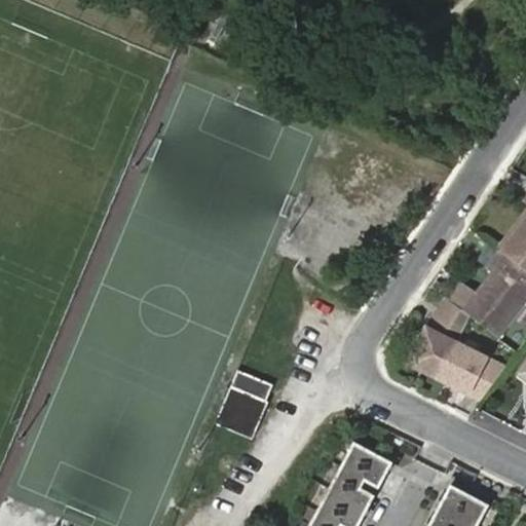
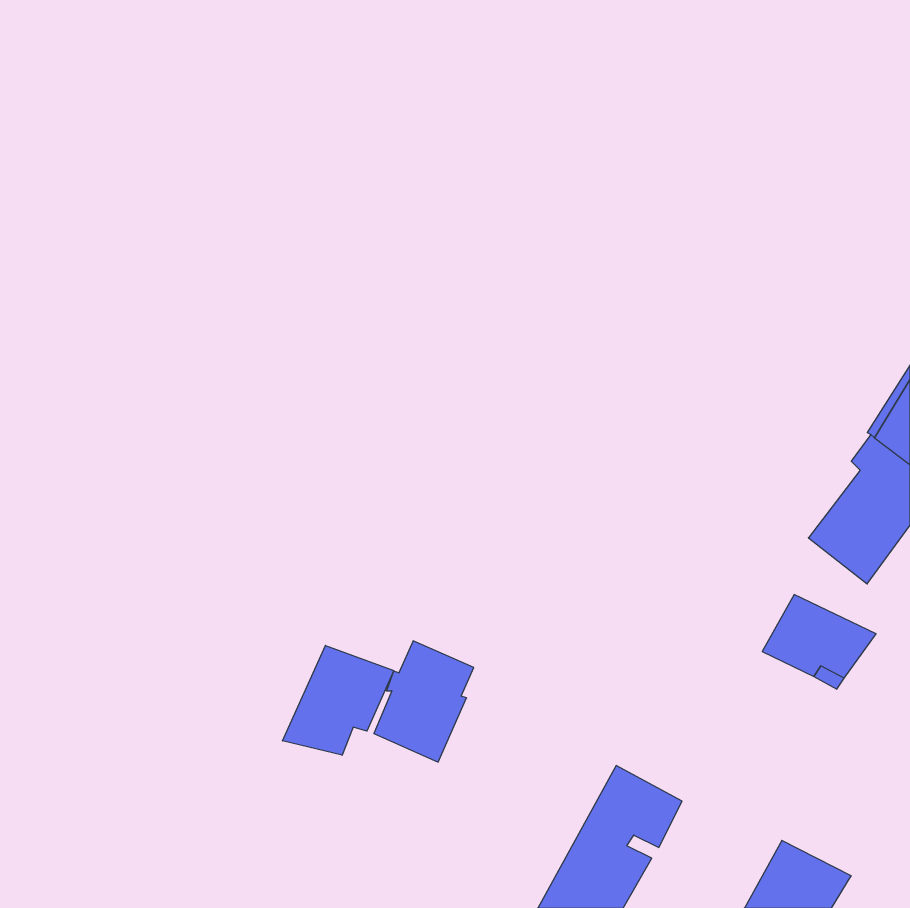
building: [411,298,472,376] -> none
building: none -> [283,645,394,755]

